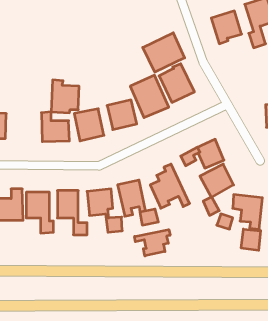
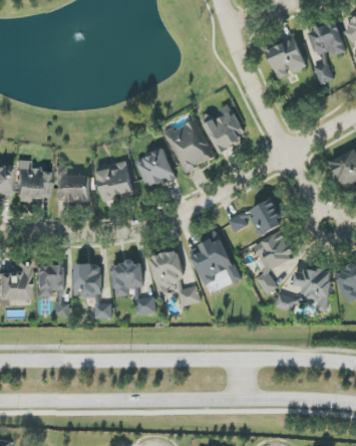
building: [143,33,185,72] -> none
building: [51,80,79,113] -> [14,161,49,202]
building: [241,229,261,250] -> none
building: [135,230,170,256] -> none

